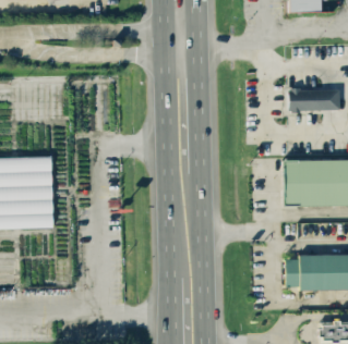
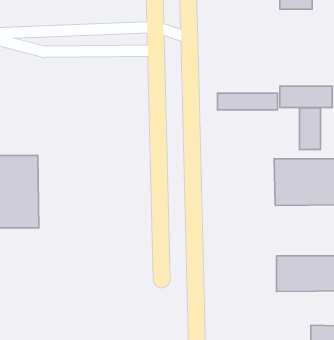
building: none -> [218,93,278,110]
building: none -> [300,108,320,150]

